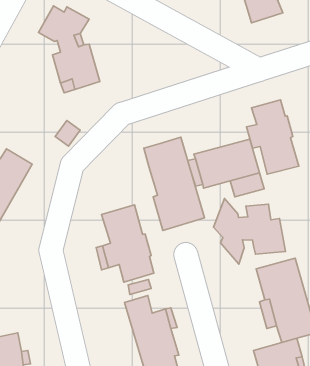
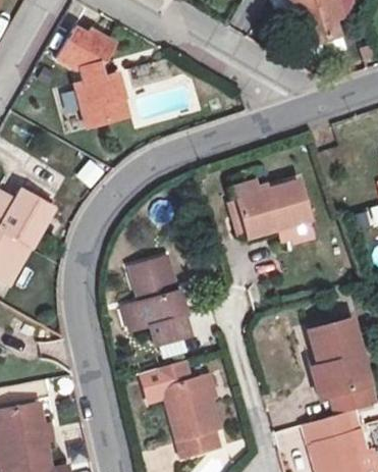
building: [246,100,299,174] -> none
building: [144,137,204,230] -> none
building: [214,198,285,264] -> none

